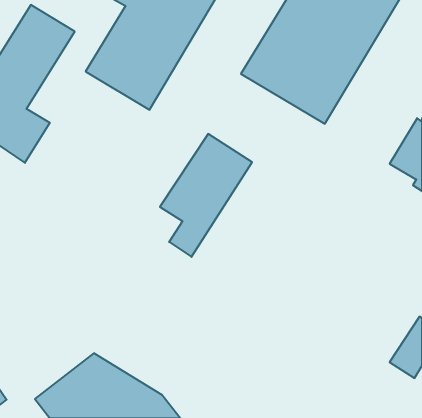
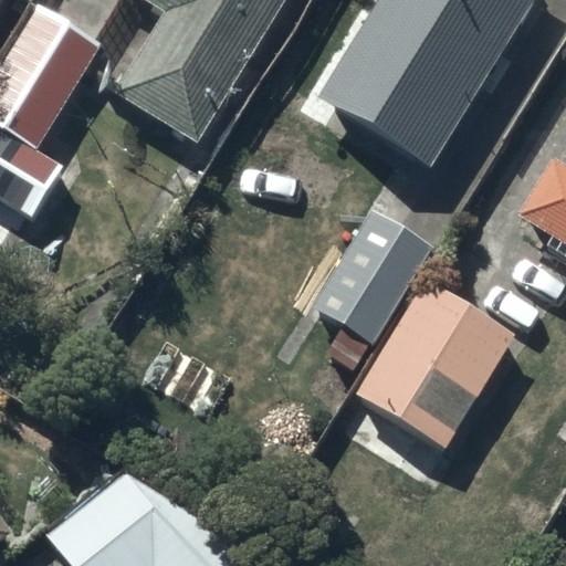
building: [160,134,252,257] -> [311,209,433,373]
building: none -> [337,282,515,501]

